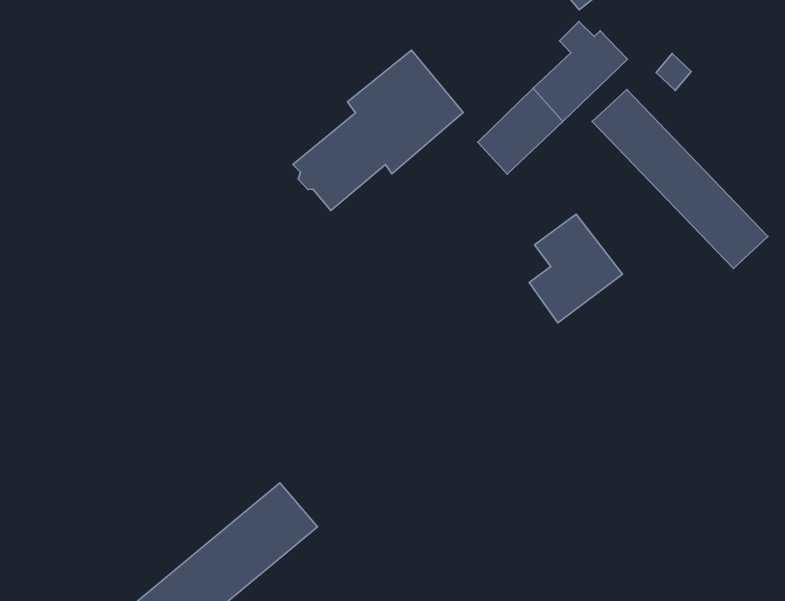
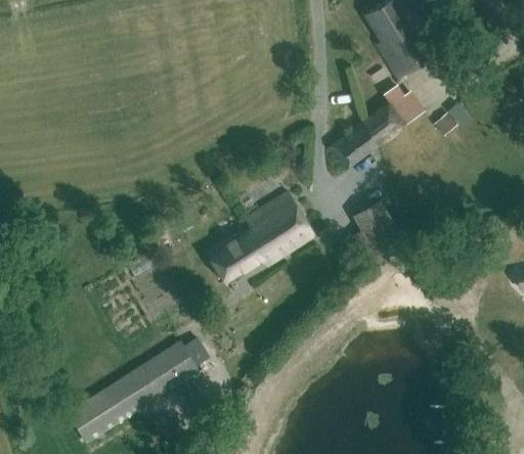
building: [293,50,463,210] -> [207,192,314,283]
building: [592,89,768,268] -> none

